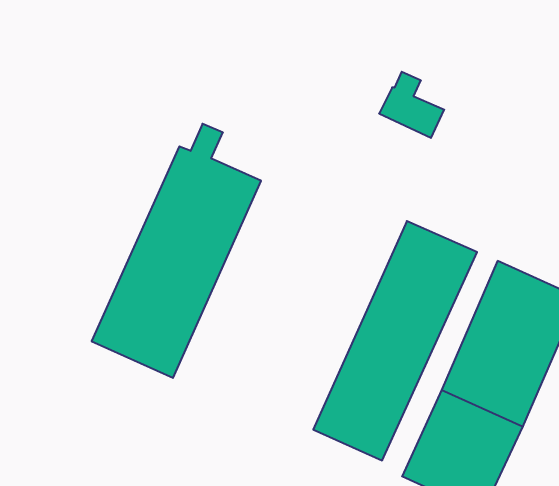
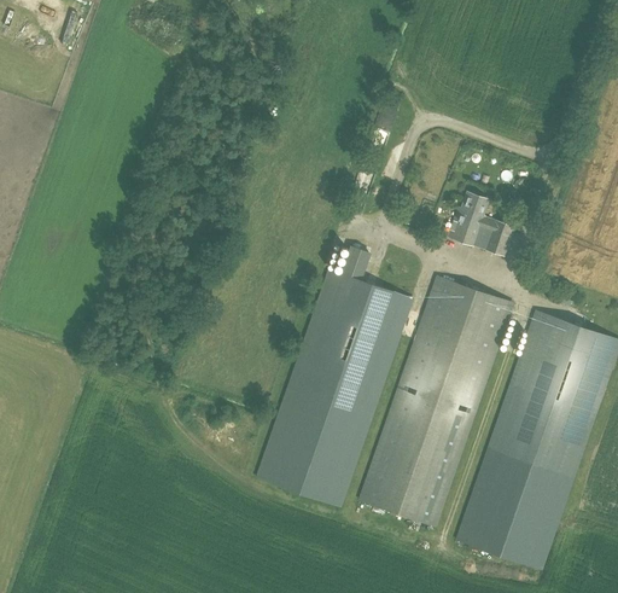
building: [379,72,444,138] -> [448,192,514,257]
building: [92,124,261,378] -> [255,245,414,508]

